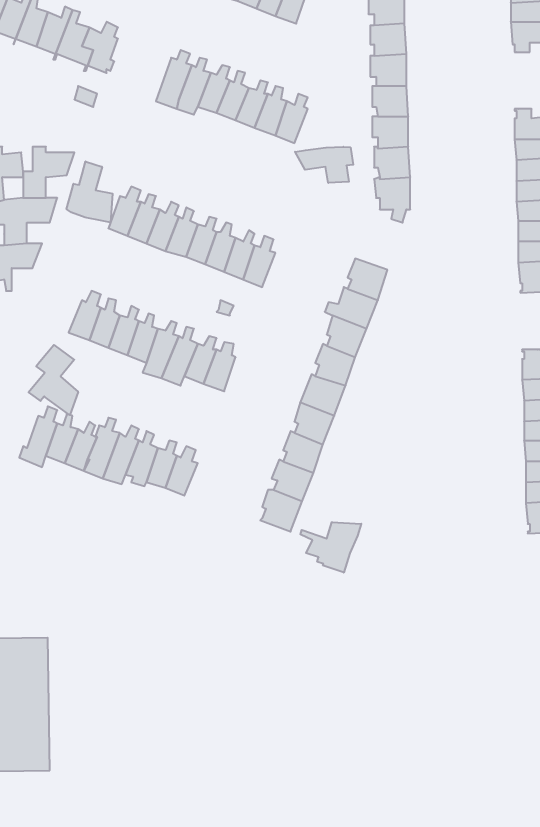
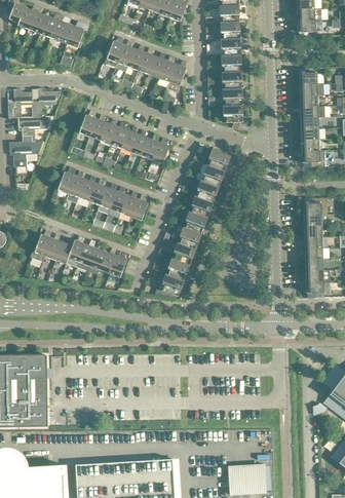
building: [295,147,353,183] -> none
building: [67,161,113,222] -> none
building: [29,345,78,415] -> none
building: [300,522,361,573] -> none

